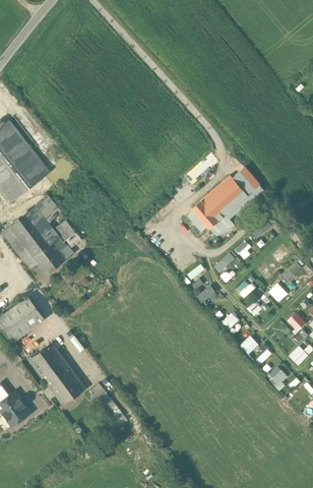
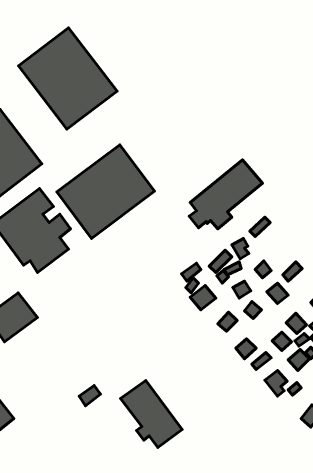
building: none -> [18,28,117,129]
building: none -> [57,145,155,238]
building: [27,342,86,406] -> [120,381,182,448]

